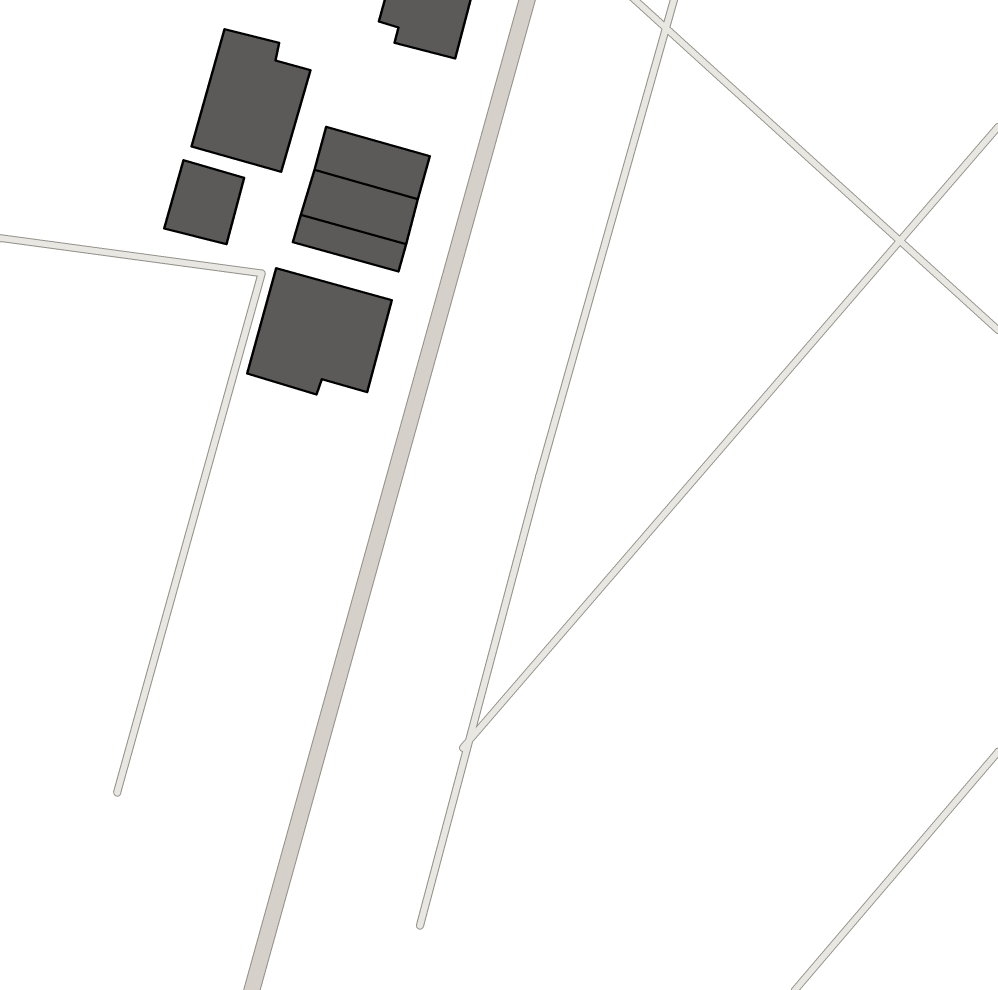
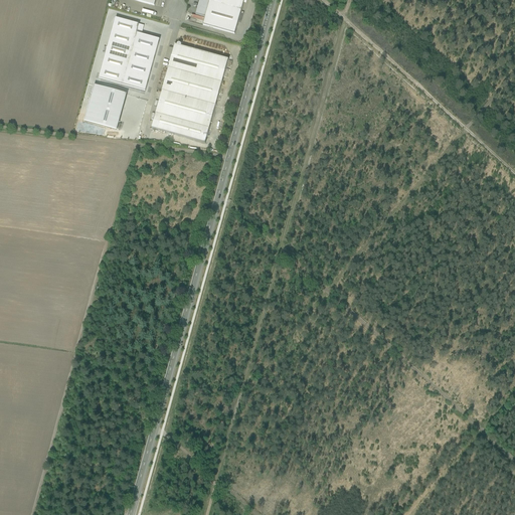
building: none -> [168,40,228,80]
building: [247,268,392,395] -> none

